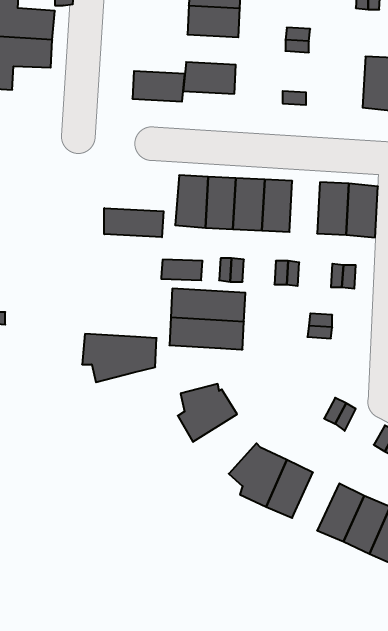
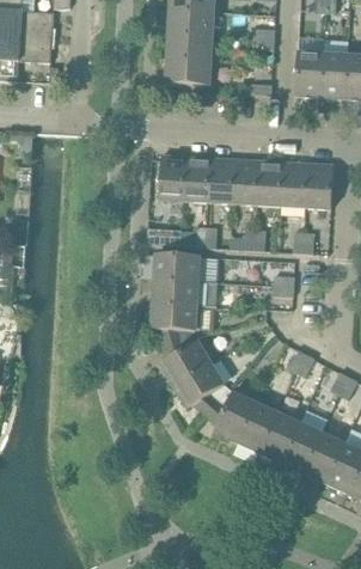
building: none -> [294,51,323,97]
building: [132,71,185,102] -> [167,33,213,60]
building: none -> [257,160,283,206]
building: [104,208,164,237] -> none
building: [82,334,157,382] -> [151,302,215,344]
building: none -> [173,362,228,414]
building: none -> [259,412,300,463]

